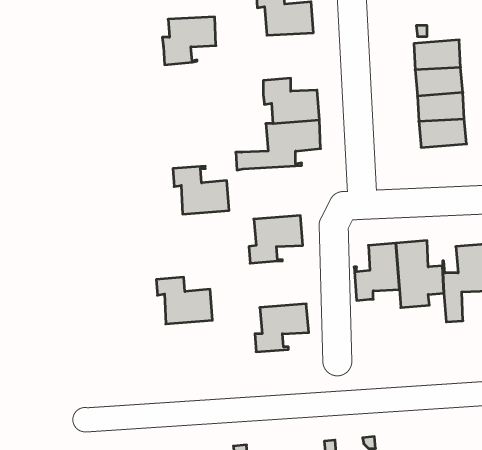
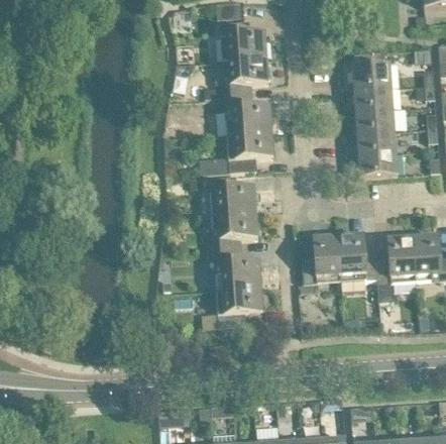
building: [162,17,216,65] -> [223,56,268,96]
building: none -> [358,149,398,175]
building: [173,166,229,214] -> [209,173,256,213]
building: [156,277,212,324] -> [214,248,261,288]

